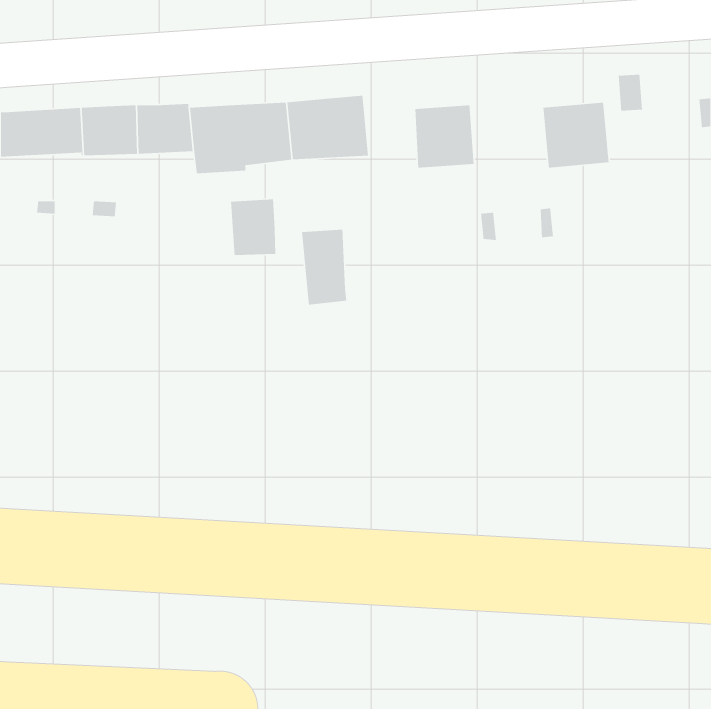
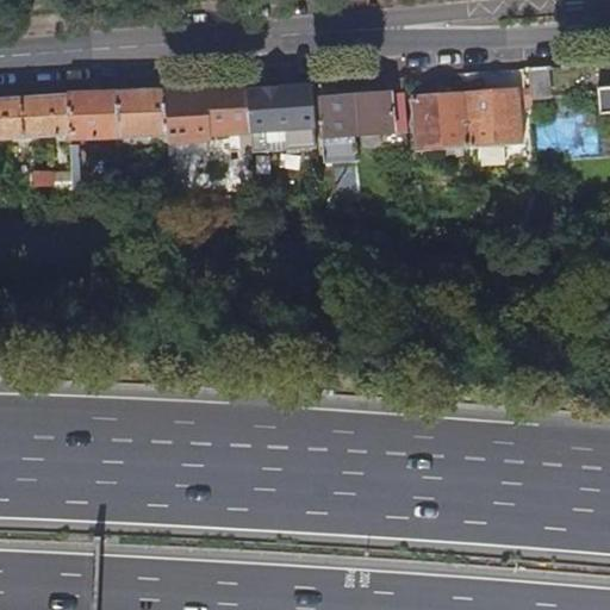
building: none -> [412,92,469,149]
building: [230,198,276,256] -> none
building: [301,229,347,305] -> [319,93,359,158]

